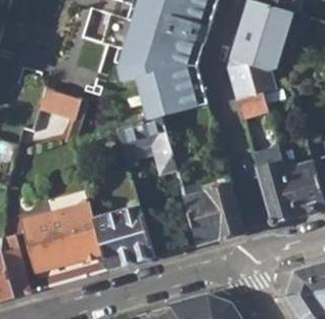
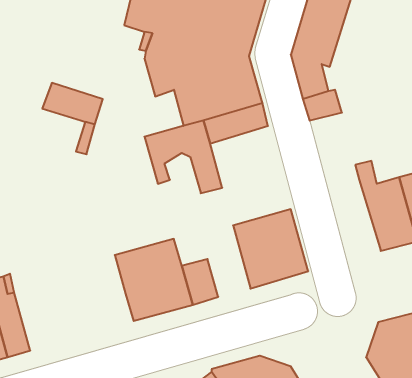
building: [251,145,296,223] -> none
building: [28,195,102,268] -> none

